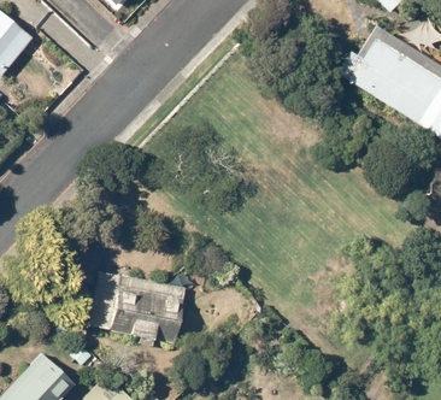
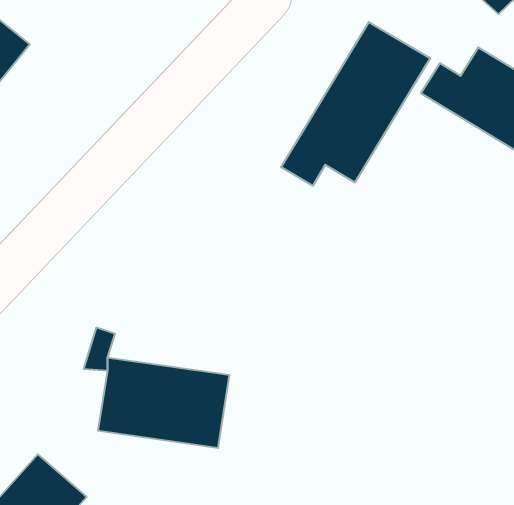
building: none -> [281,22,430,186]

